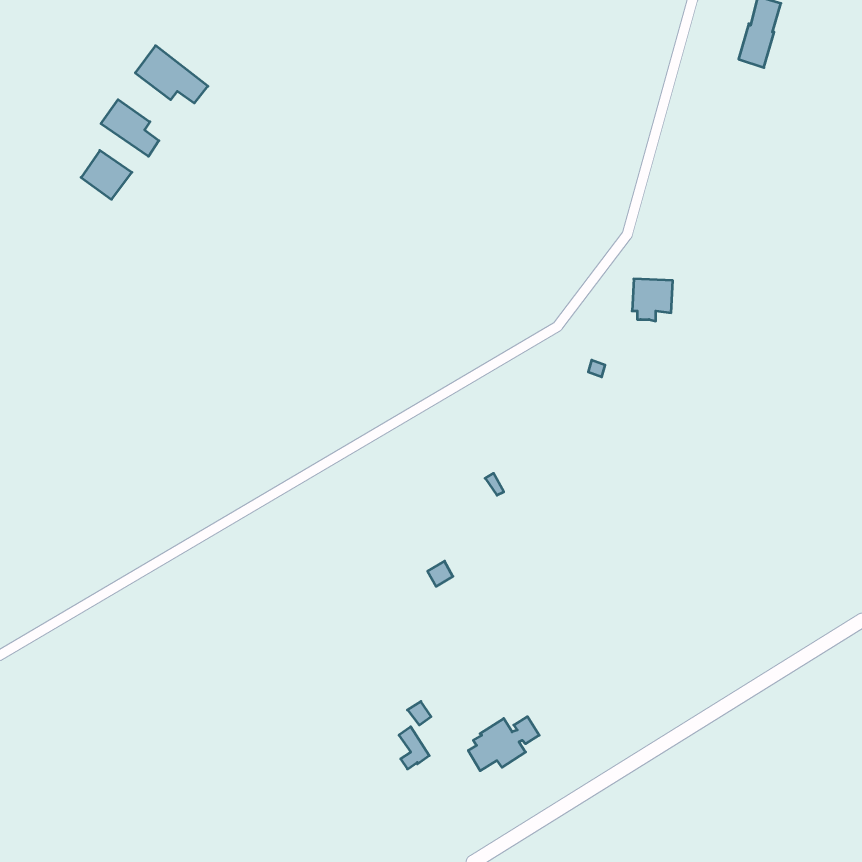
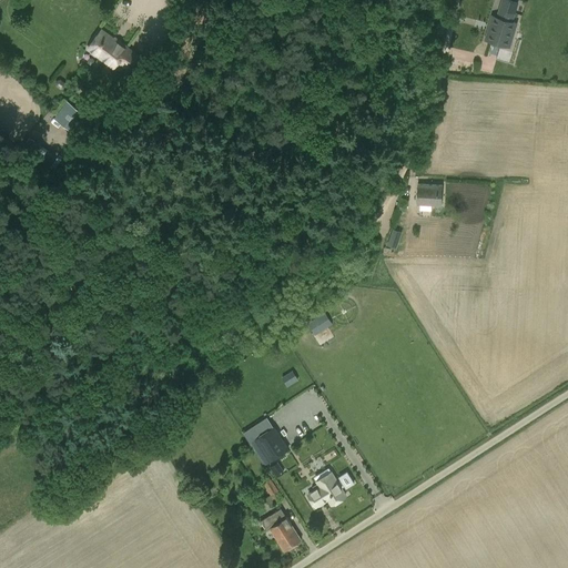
building: [101,100,159,156] -> none
building: none -> [247,425,288,465]
building: none -> [260,507,301,550]

